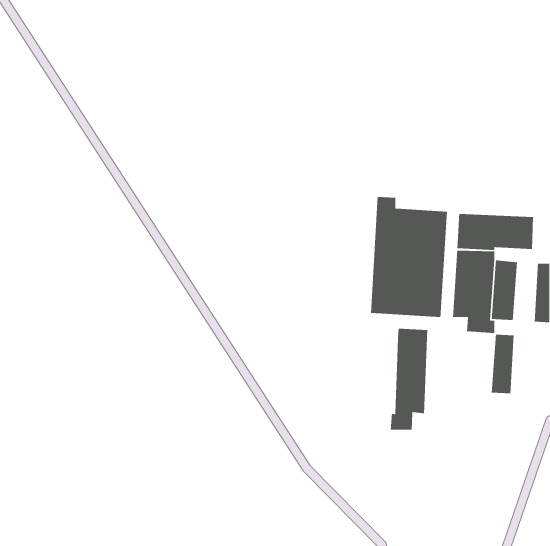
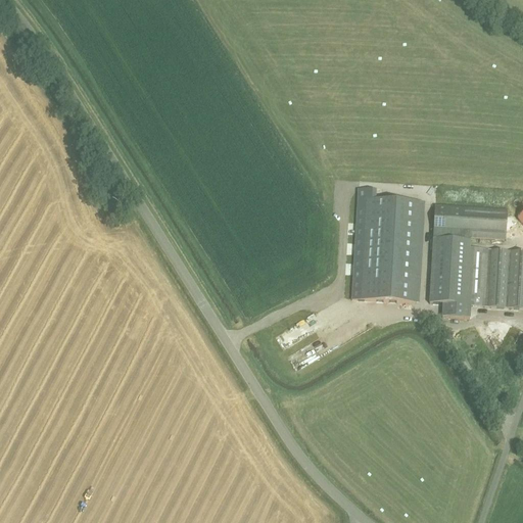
building: [390,328,428,431] -> none
building: [491,334,514,394] -> [487,248,510,305]

